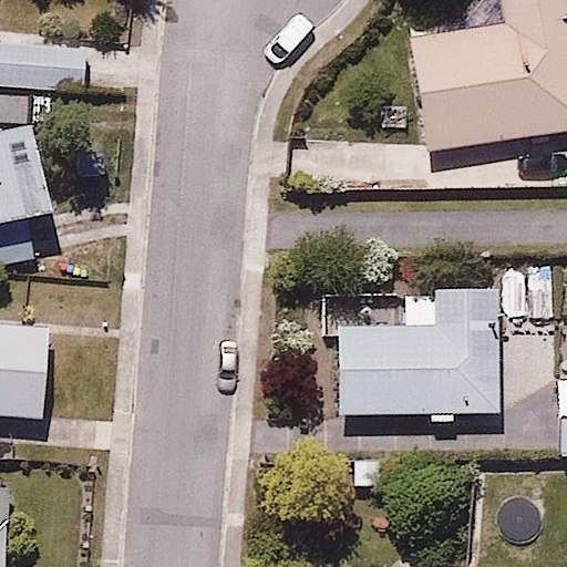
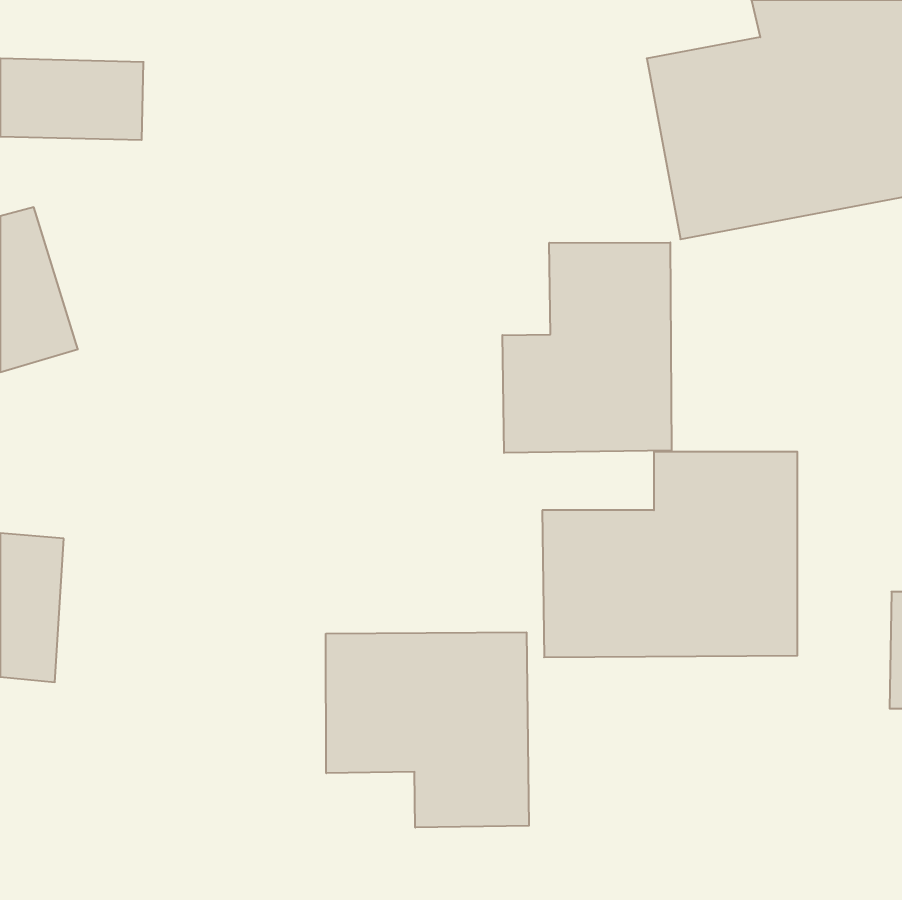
building: none -> [502,242,672,453]
building: none -> [326,632,529,828]

